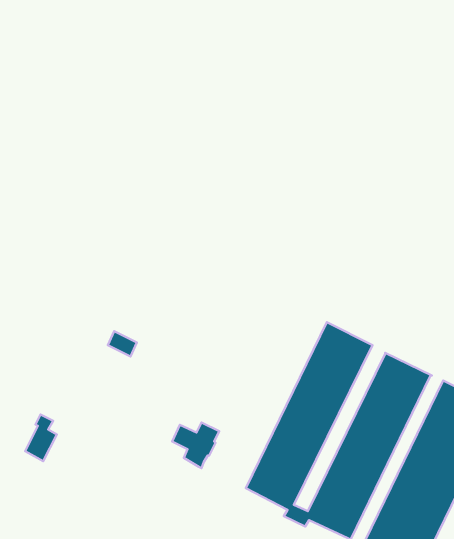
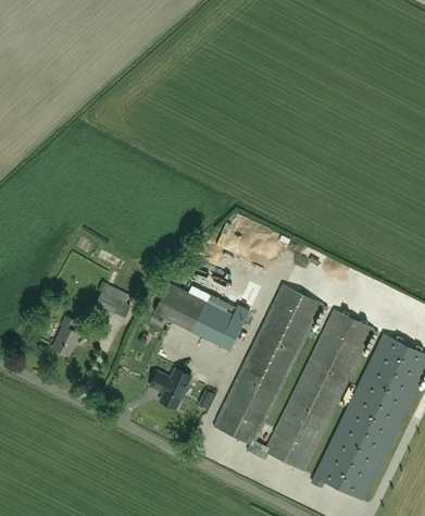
building: none -> [153,283,249,349]
building: [25,414,57,461] -> [52,316,79,356]

